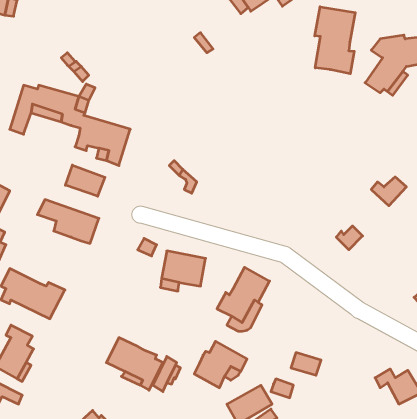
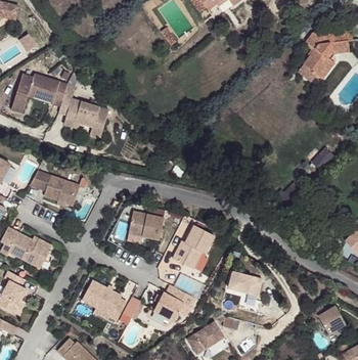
building: [315,7,355,74] -> none
building: [65,165,105,196] -> none
building: none -> [229,266,263,291]

